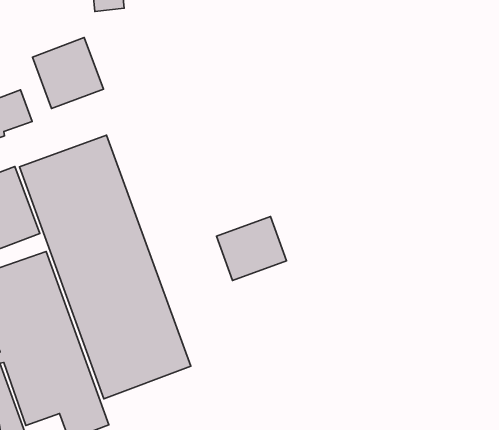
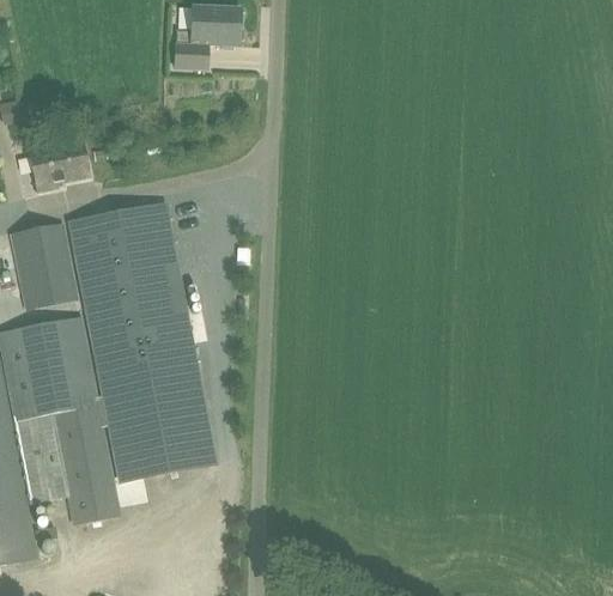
building: [32,38,103,109] -> none
building: [216,217,286,280] -> none

